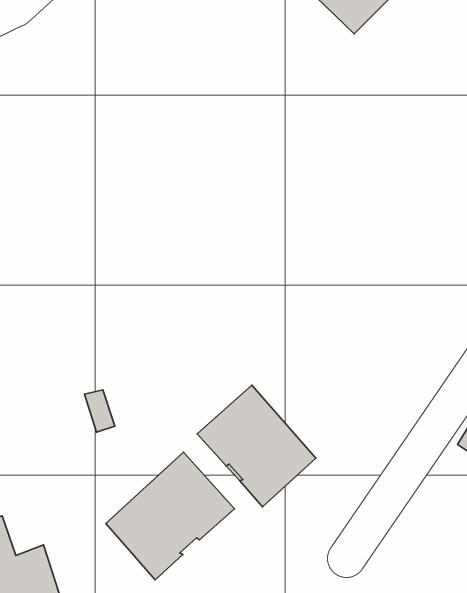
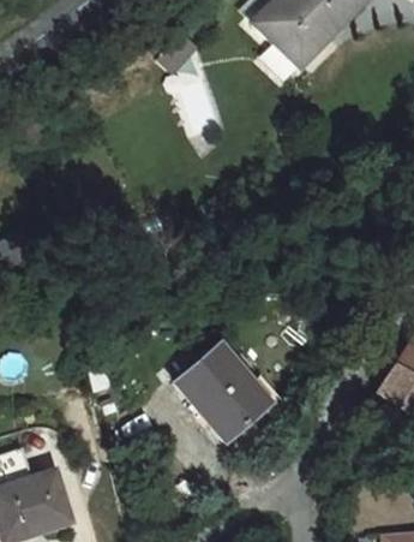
building: [106,452,234,580] -> none

